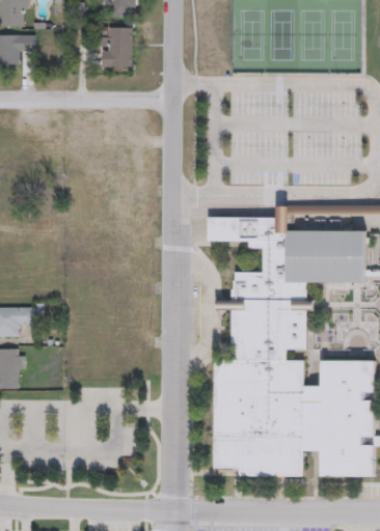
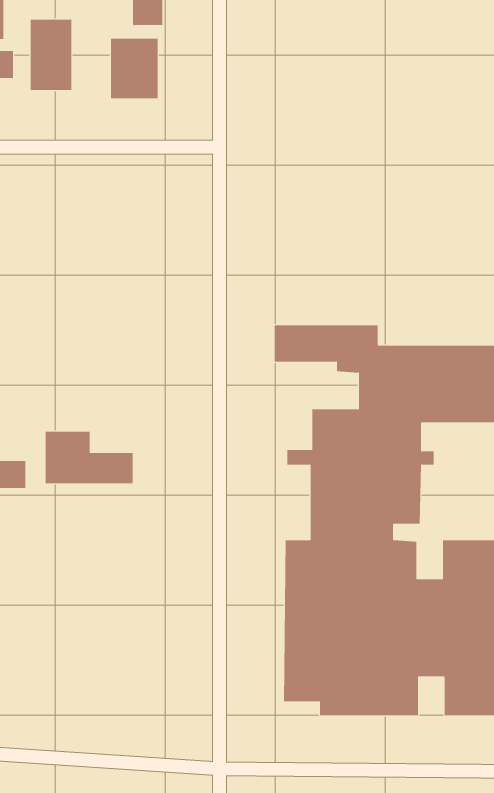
building: none -> [30,19,72,91]
building: none -> [45,431,133,484]

